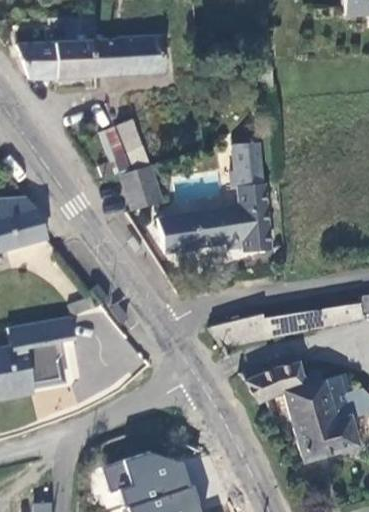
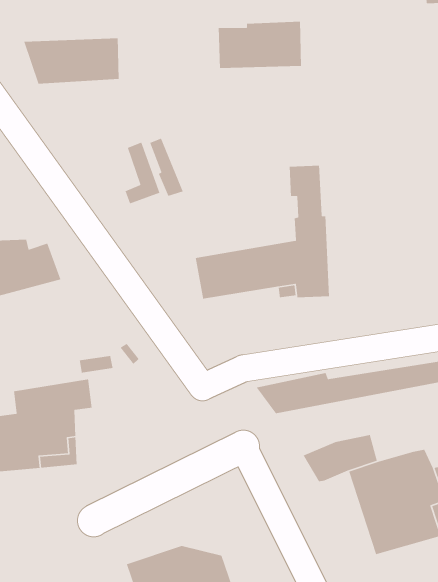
building: [97,36,165,75] -> [218,21,302,69]
building: [123,165,165,208] -> none

